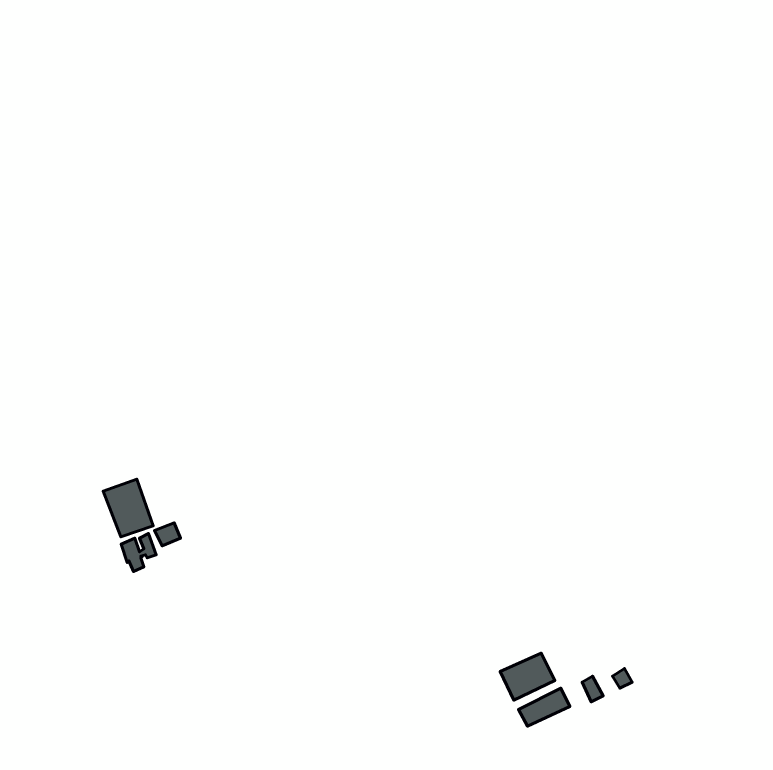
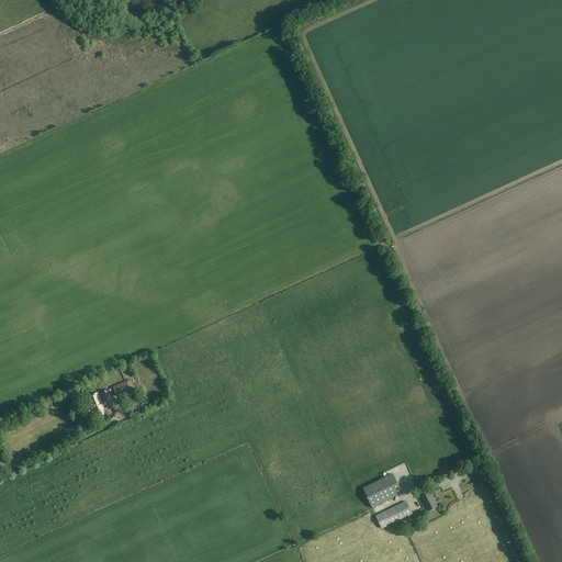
building: [103,479,153,537] -> none

